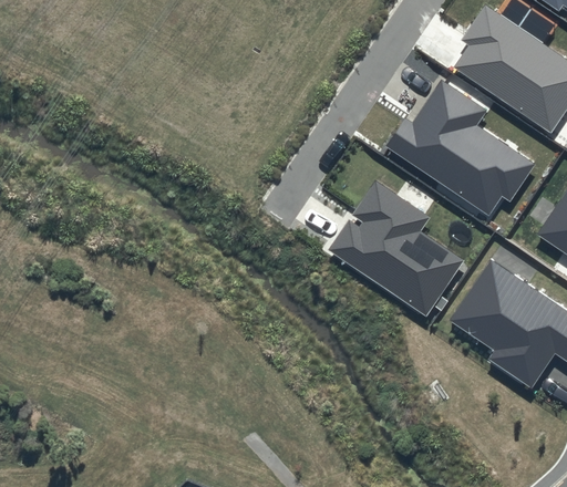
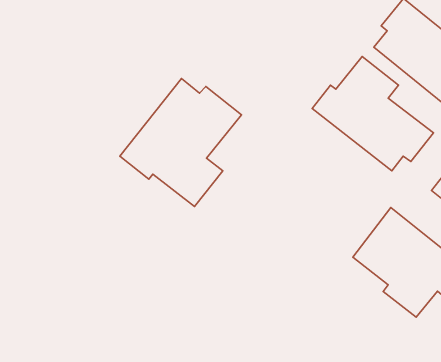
building: none -> [120,79,242,207]
building: [329,182,463,315] -> none

